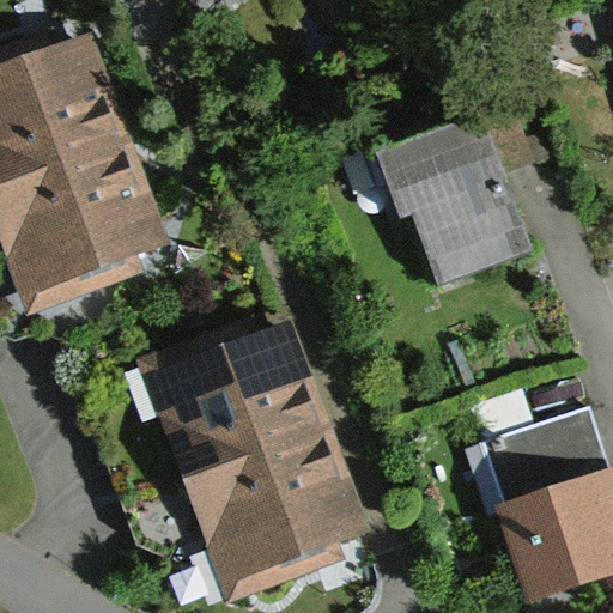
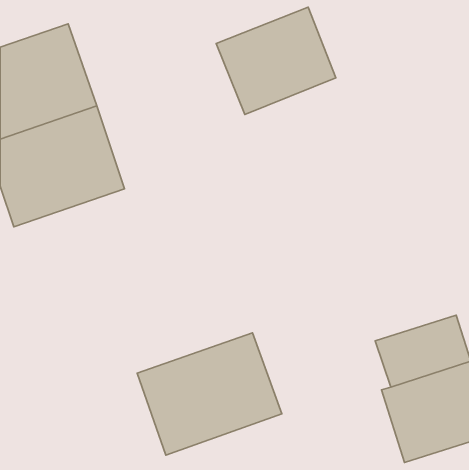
building: none -> [216,7,336,114]
building: [372,120,516,278] -> none
building: [144,327,330,485] -> none

